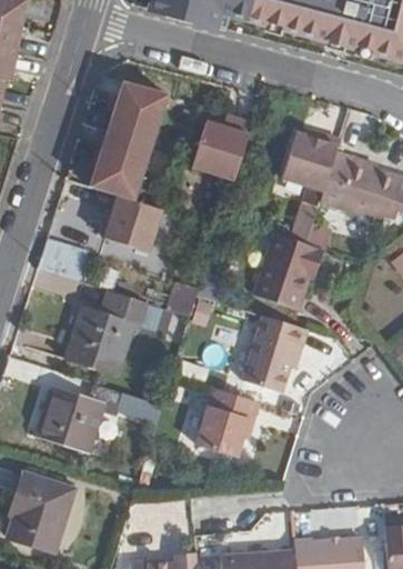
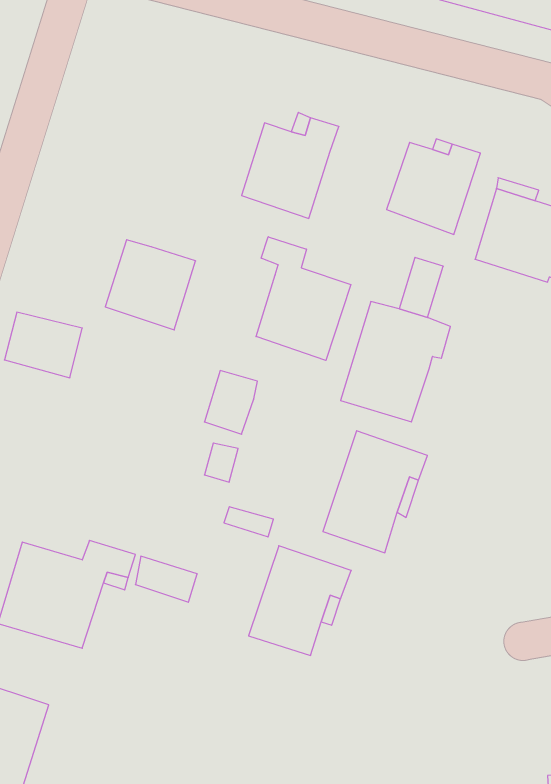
building: [94,79,168,198] -> none
building: none -> [256,237,351,360]
building: [68,292,139,372] -> none

